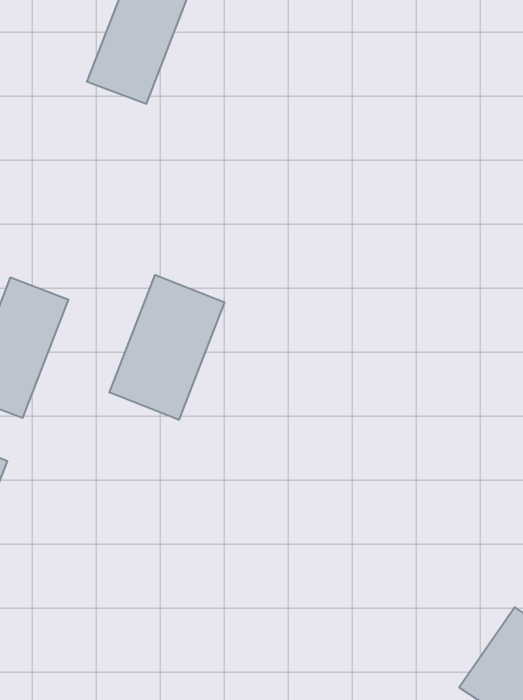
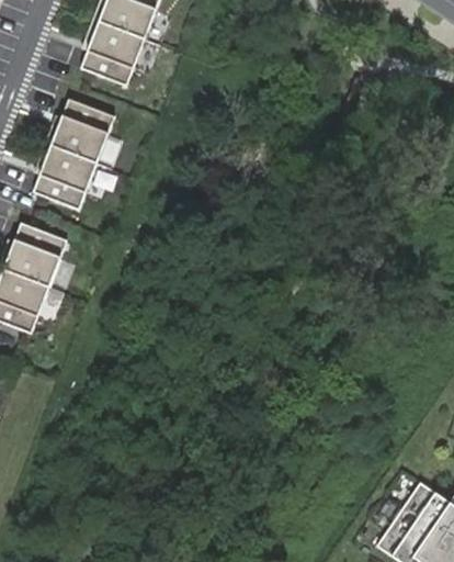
building: none -> [32,99,115,210]
building: [109,275,224,420] -> none

